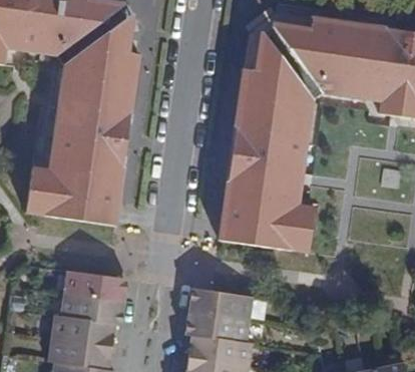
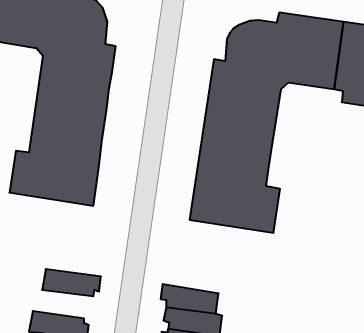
building: [63,269,126,301] -> none
building: [188,288,252,319] -> none
building: [49,314,114,346] -> none

